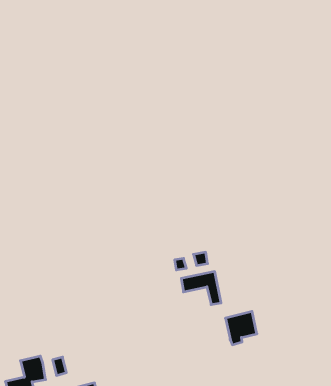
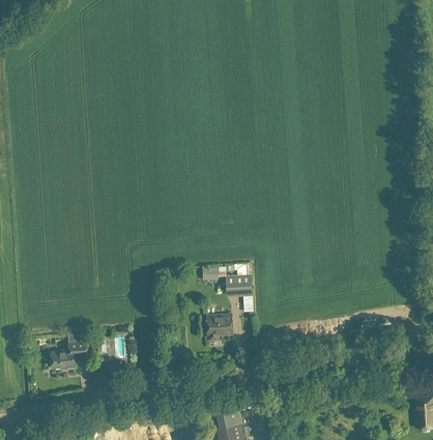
building: [225,311,257,345] -> [205,313,231,340]

